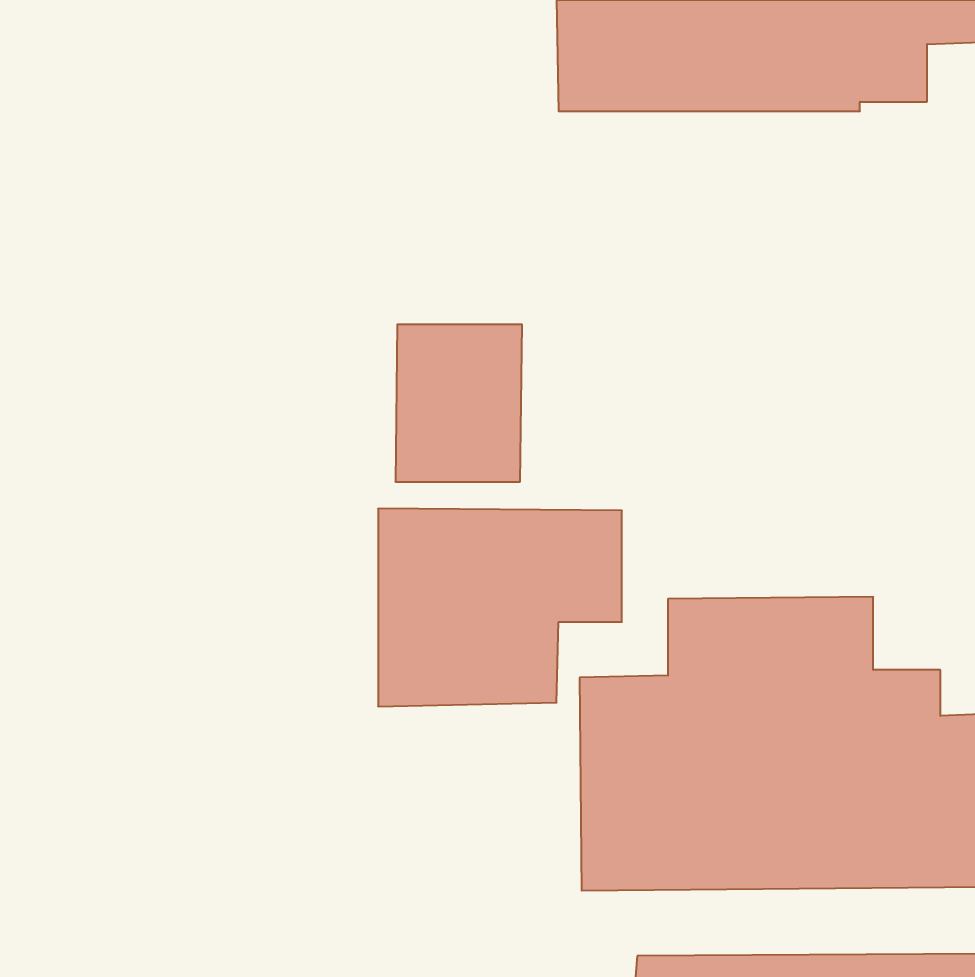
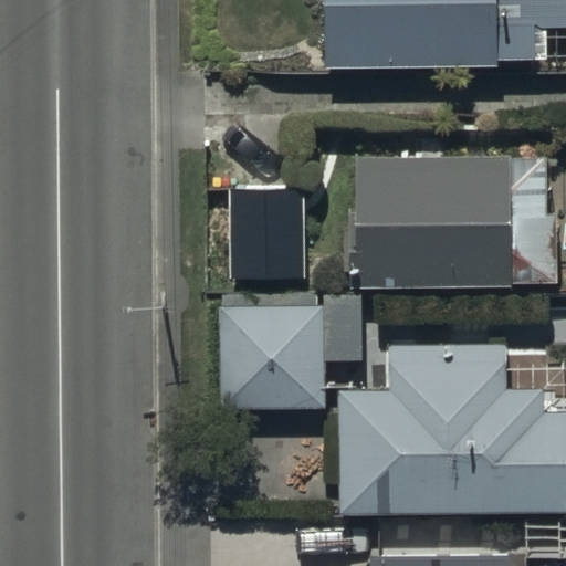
building: none -> [355,157,554,286]

